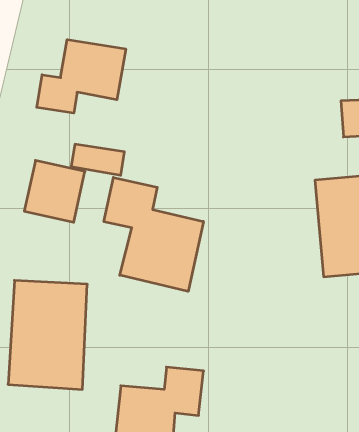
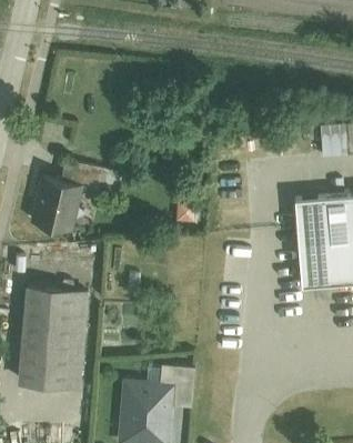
building: [37,40,126,113] -> none
building: [104,177,203,291] -> none

